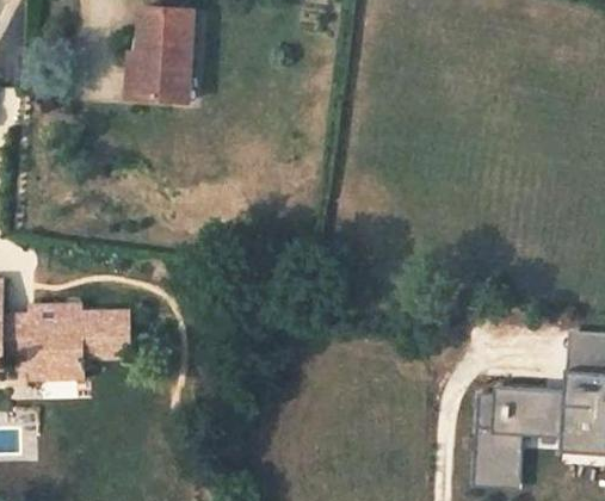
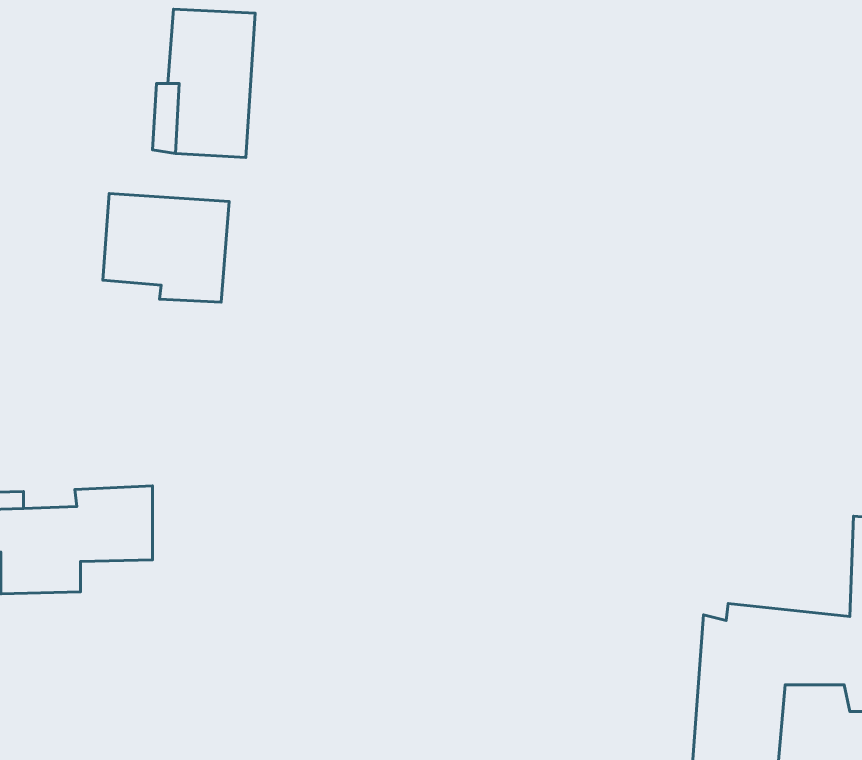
building: none -> [103,193,229,302]

